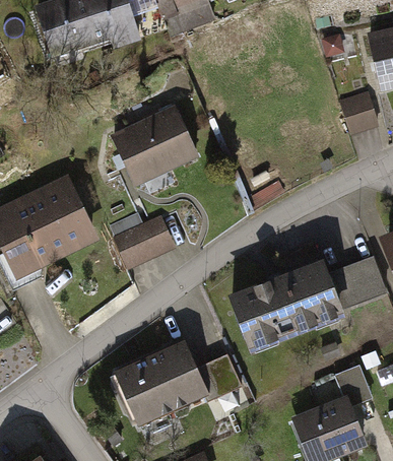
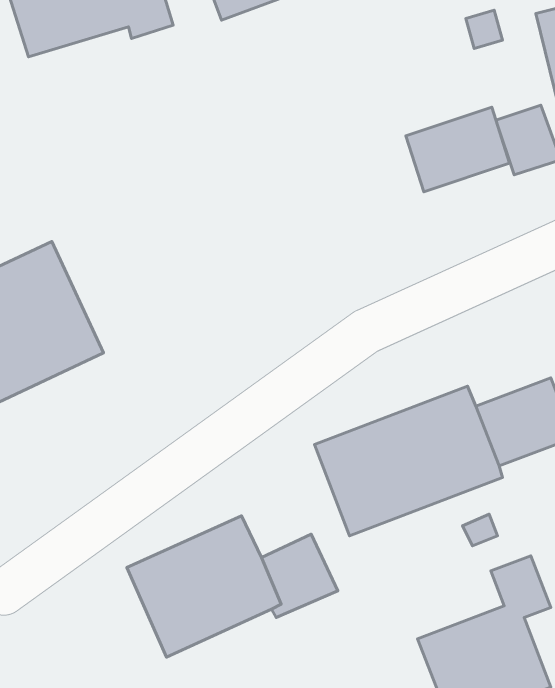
building: none -> [406,107,510,192]
building: [110,103,201,188] -> none
building: [107,210,175,269] -> none

